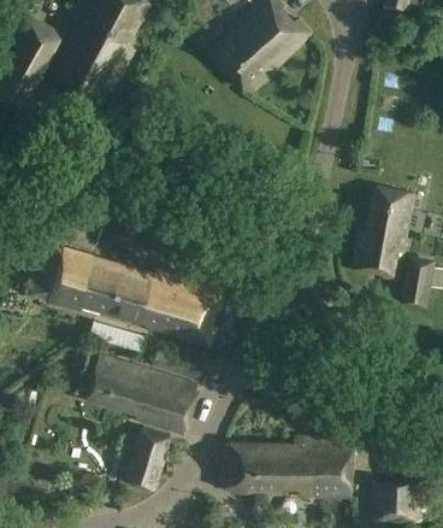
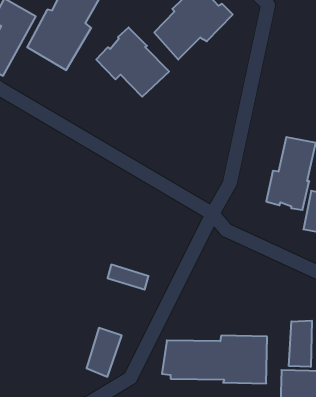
building: none -> [96,27,169,97]
building: [28,242,223,345] -> none
building: [87,356,196,433] -> none
building: none -> [289,321,312,367]

